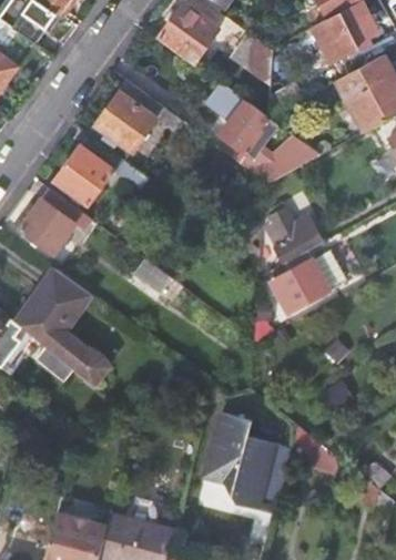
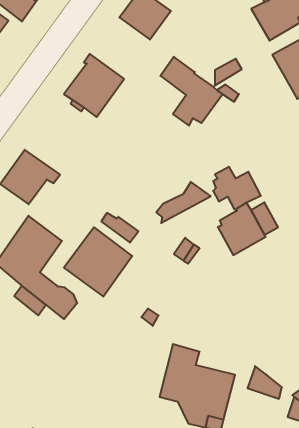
building: [230,32,271,85] -> none
building: [54,135,119,204] -> none
building: [256,139,319,186] -> [156,182,211,223]
building: none -> [64,227,132,297]

